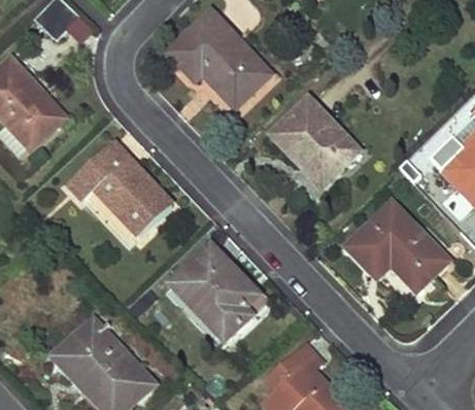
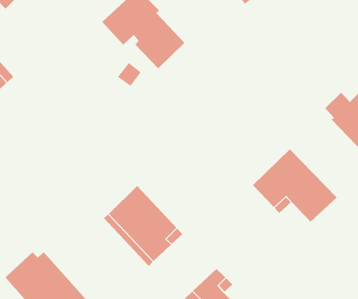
building: [271,99,358,183] -> none
building: [69,142,172,236] -> none

